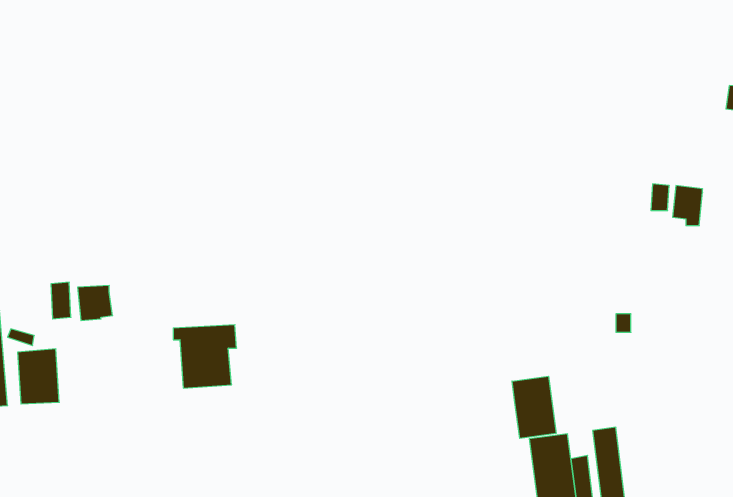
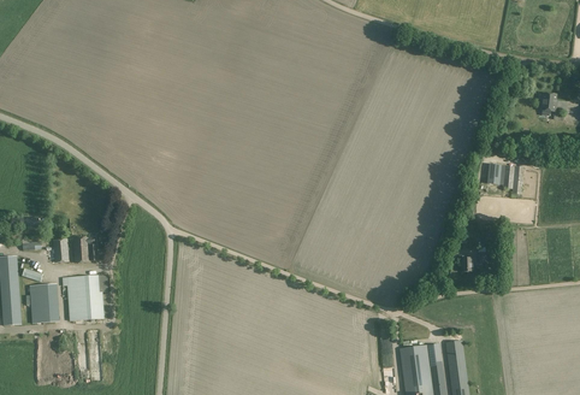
building: [173,325,237,388] -> [61,275,107,320]
building: [512,376,556,438] -> none

